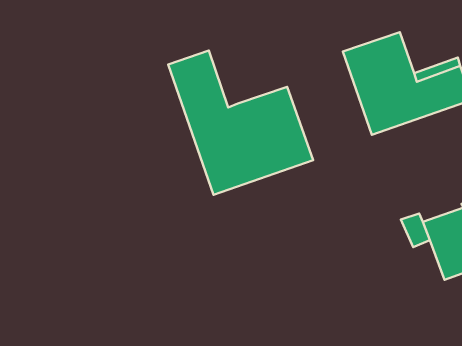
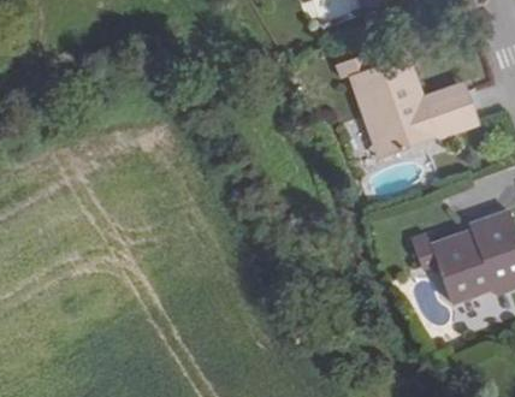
building: [168,51,313,195] -> none

